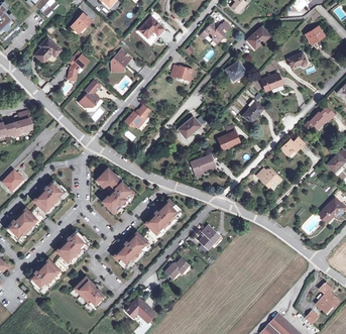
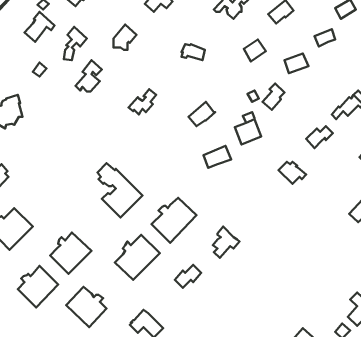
building: [33,179,70,215] -> none

